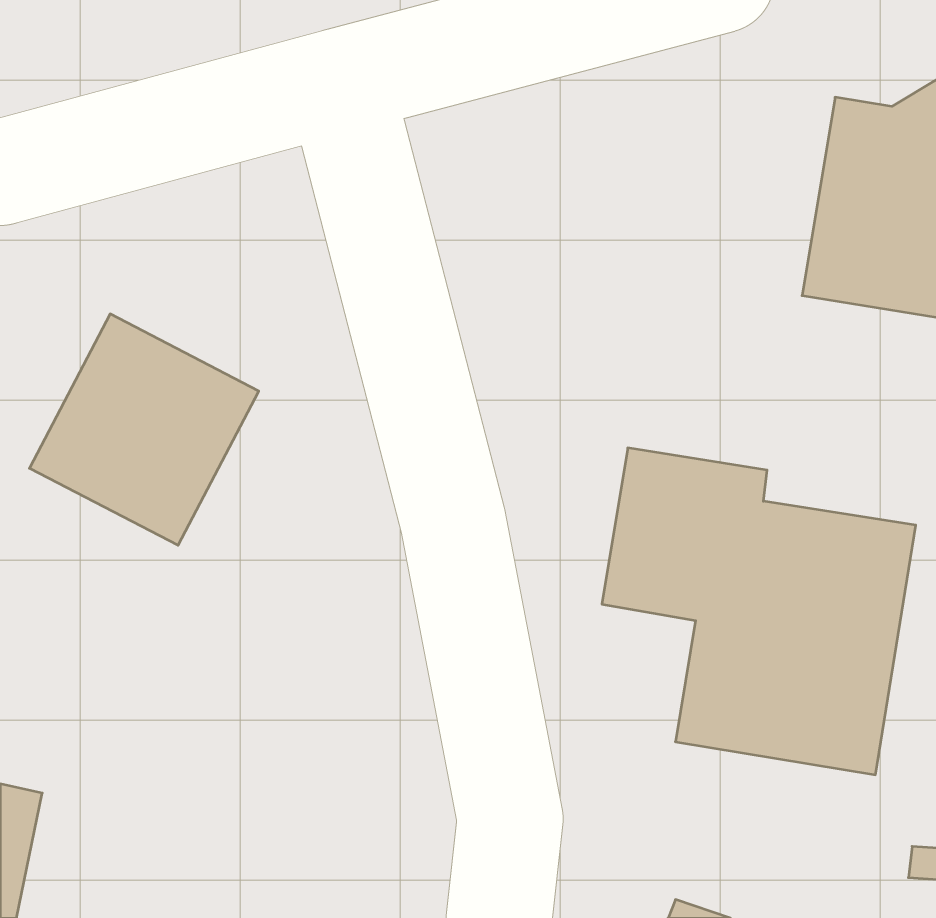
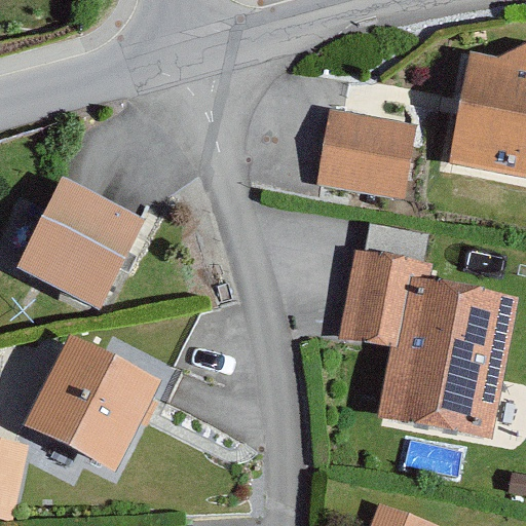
building: none -> [315,109,416,198]
building: none -> [24,334,160,471]

